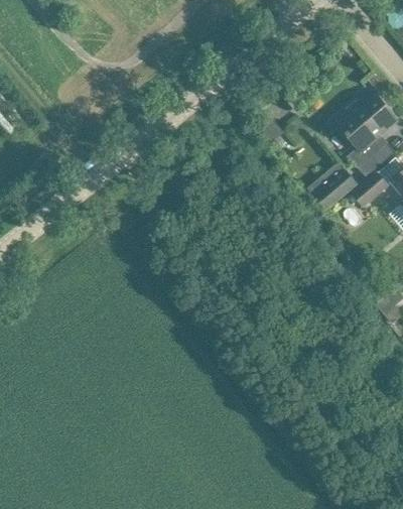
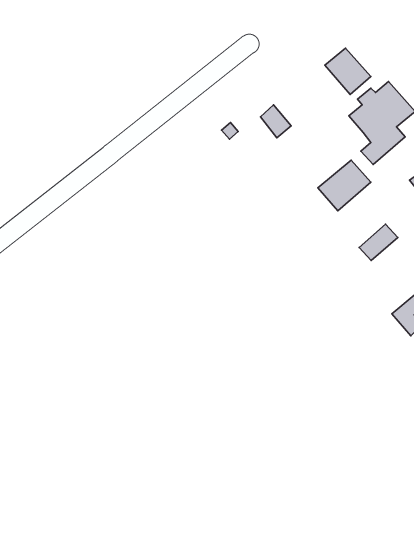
building: none -> [325,48,371,94]
building: [354,174,389,208] -> [359,224,398,261]

